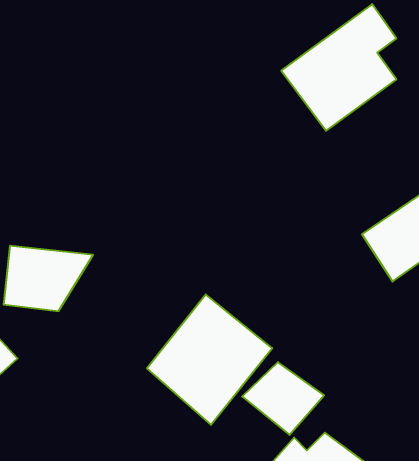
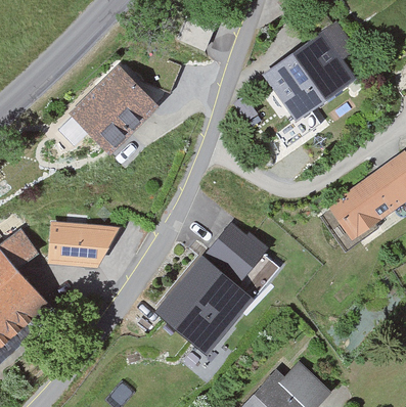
building: none -> [64,64,160,152]
building: [242,362,324,435] -> [201,225,267,283]

